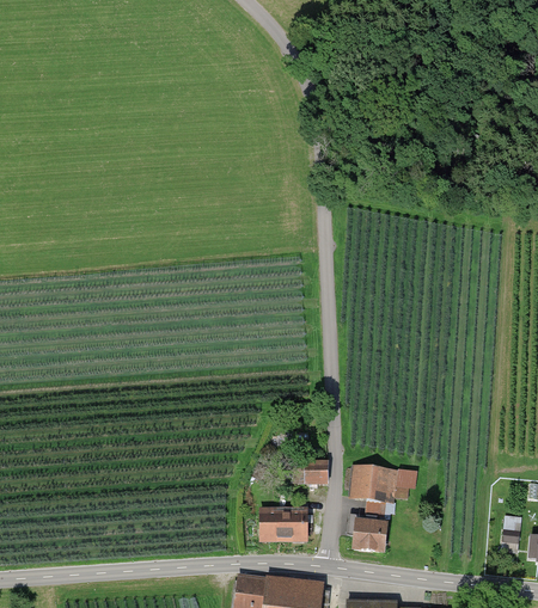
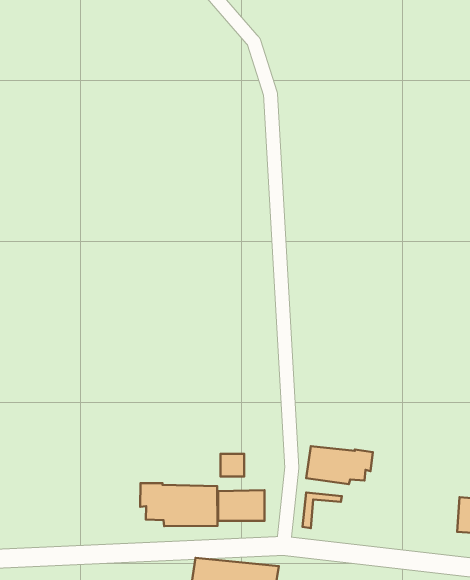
building: [305,461,329,484] -> [220,454,244,476]
building: none -> [140,483,218,526]
building: [354,520,387,552] -> none

